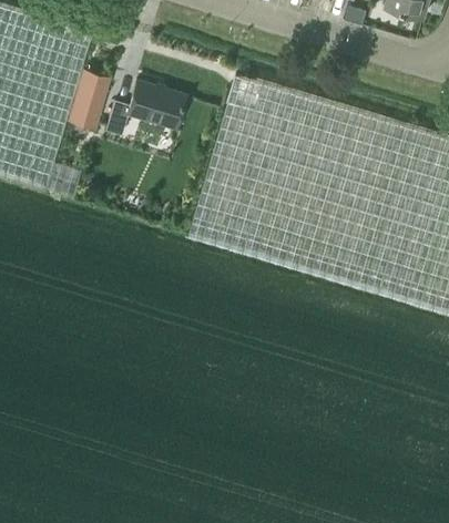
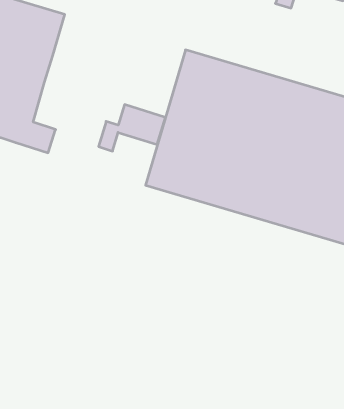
building: [67,71,108,125] -> none
building: [104,81,184,136] -> [99,105,165,151]

